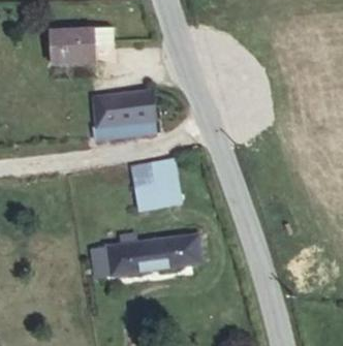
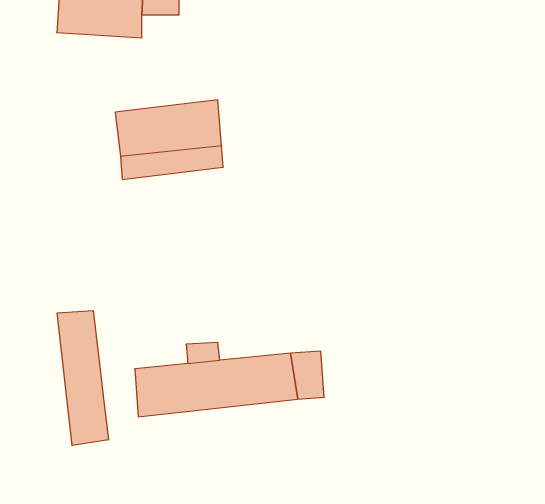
building: [131,164,181,216] -> none
building: none -> [57,311,109,446]

